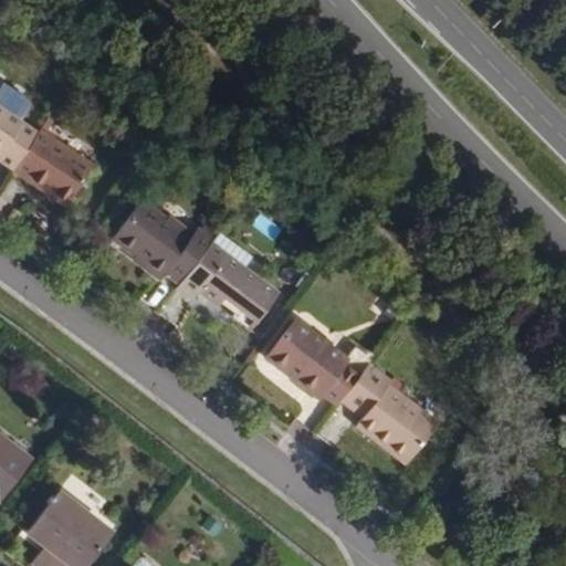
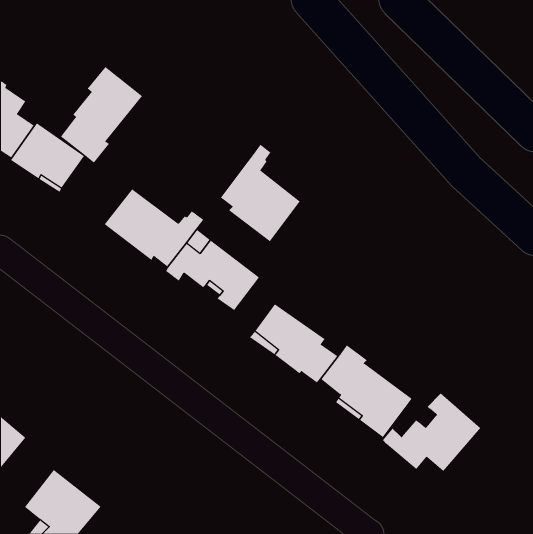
building: none -> [60,66,143,163]
building: none -> [220,144,300,242]
building: none -> [382,392,481,472]

